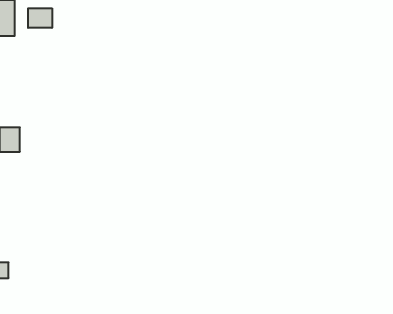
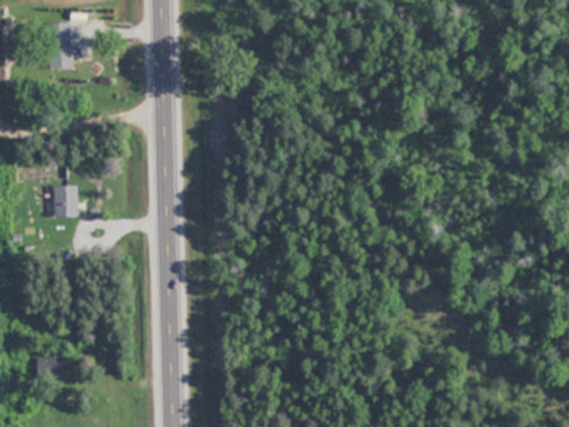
building: [28,8,52,28] -> none

